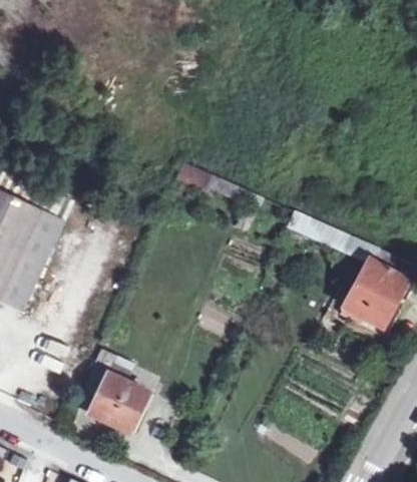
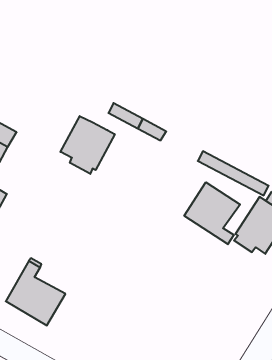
building: none -> [60,116,115,174]
building: none -> [184,182,240,244]

